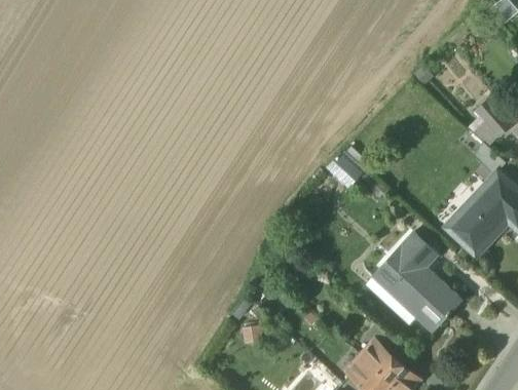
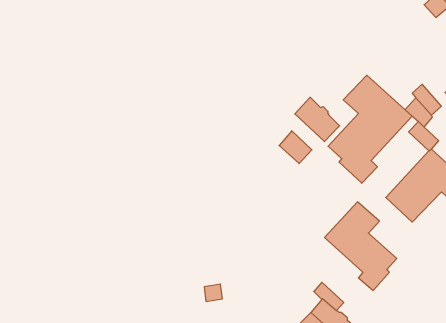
building: none -> [328,75,412,183]
building: none -> [295,97,340,142]
building: [366,272,420,324] -> none

